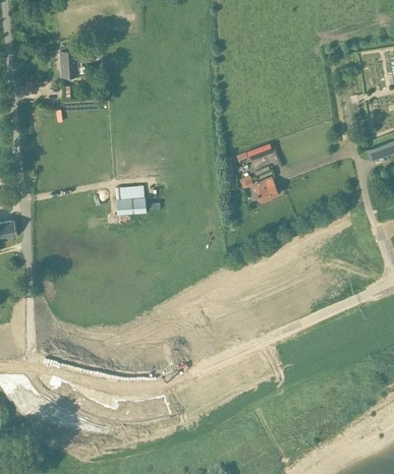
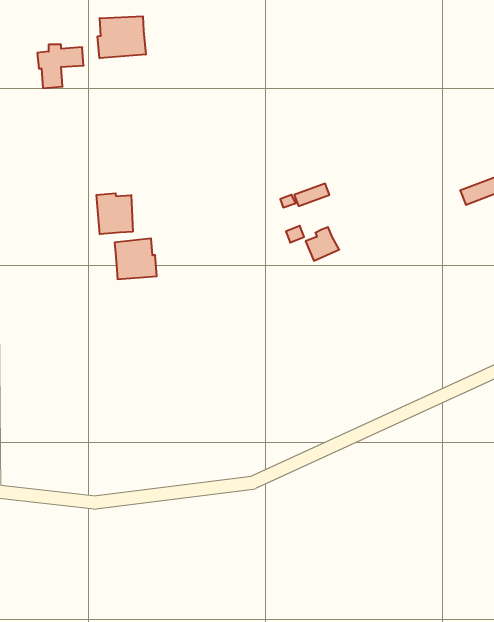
building: none -> [98,16,146,58]
building: none -> [96,193,133,234]

